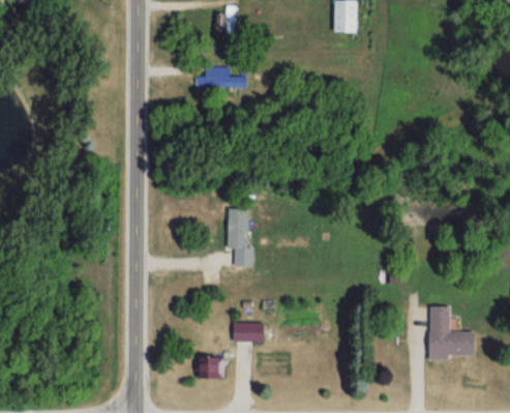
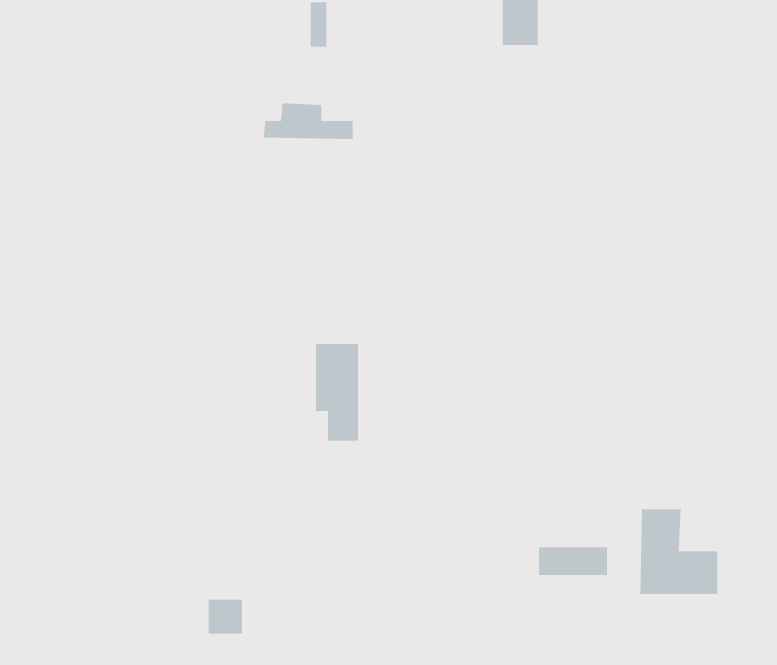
building: [234,322,268,341] -> none
building: none -> [538,547,607,576]
building: [200,357,220,378] -> [208,599,243,634]

